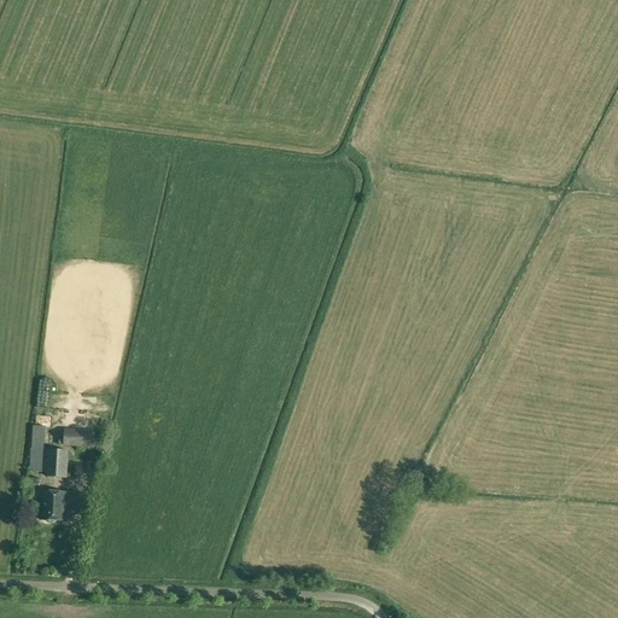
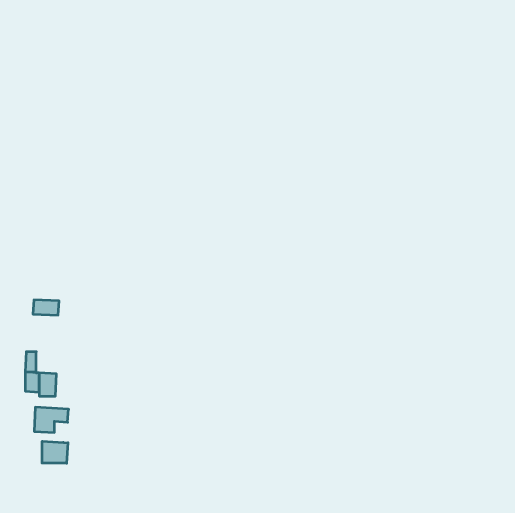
building: [64,427,95,445] -> [33,300,59,315]
building: none -> [42,441,68,463]

